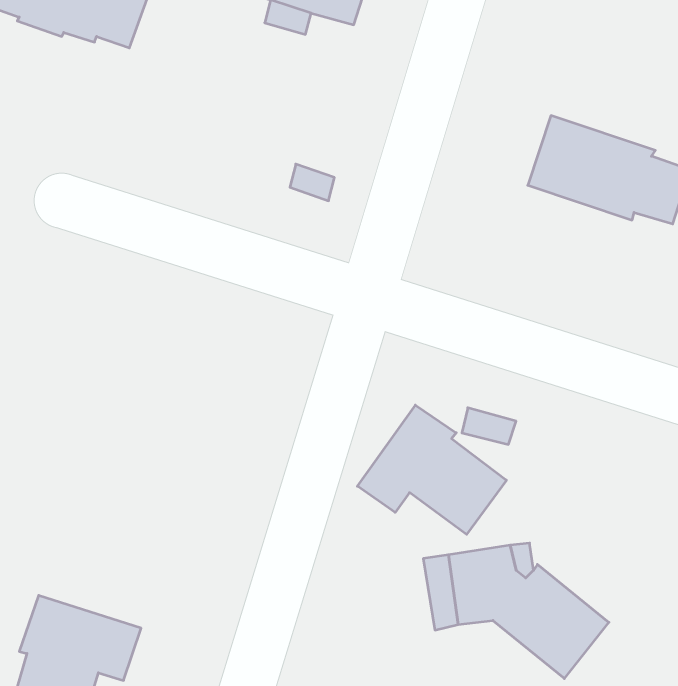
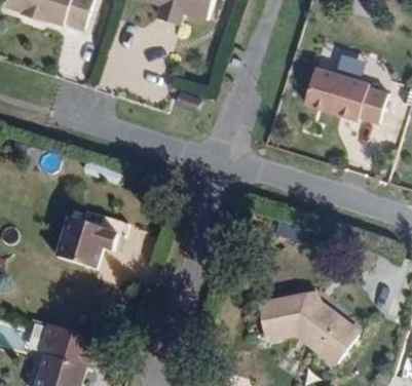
building: none -> [62,203,134,262]
building: [357,405,506,534] -> none

